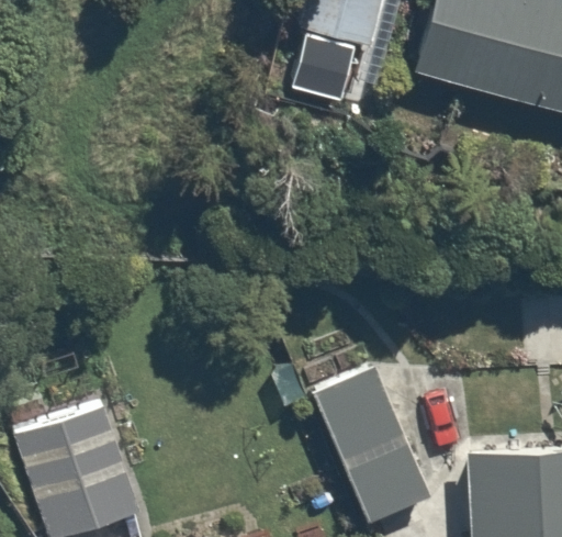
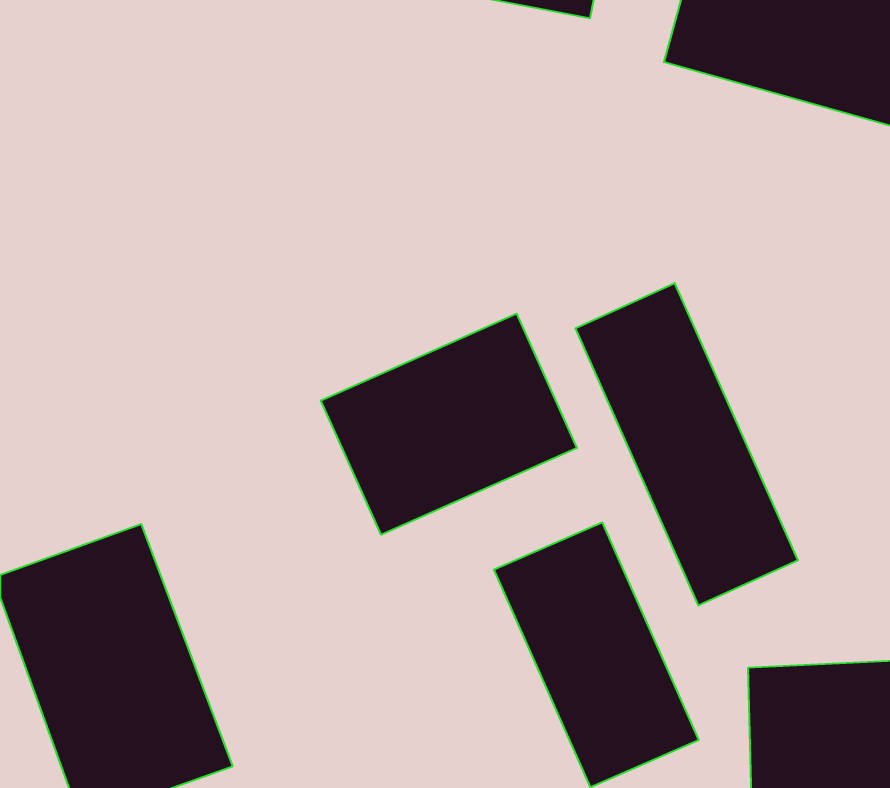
building: none -> [576,283,798,606]
building: none -> [321,314,577,535]

